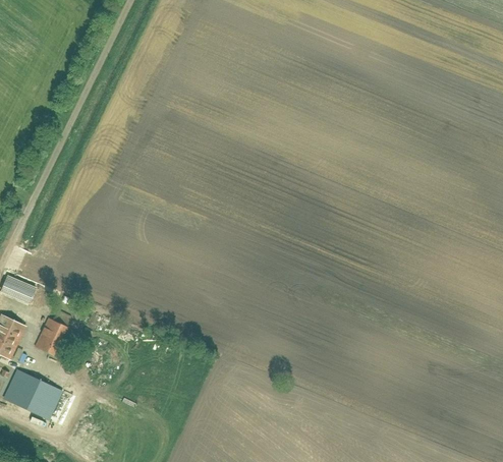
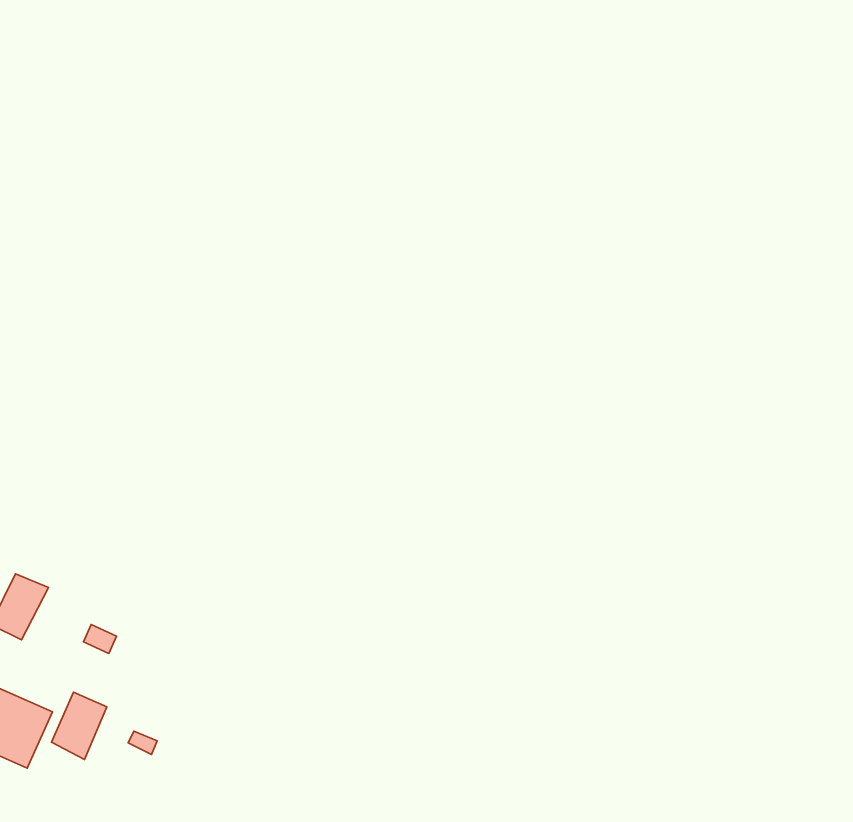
building: none -> [51,692,107,760]

